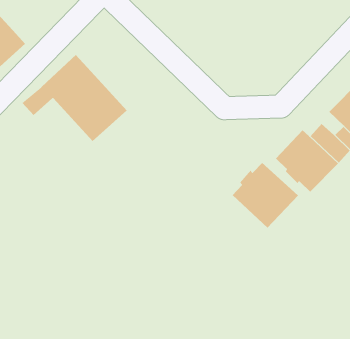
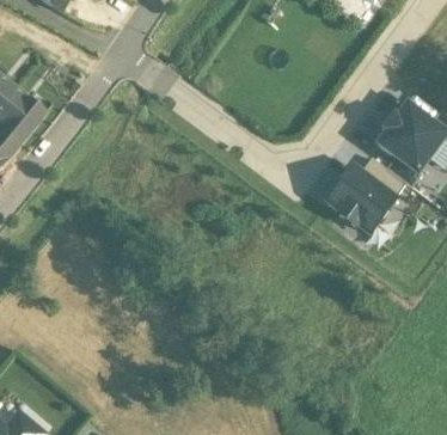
building: [21,54,127,142] -> none
building: [232,162,299,229] -> none

